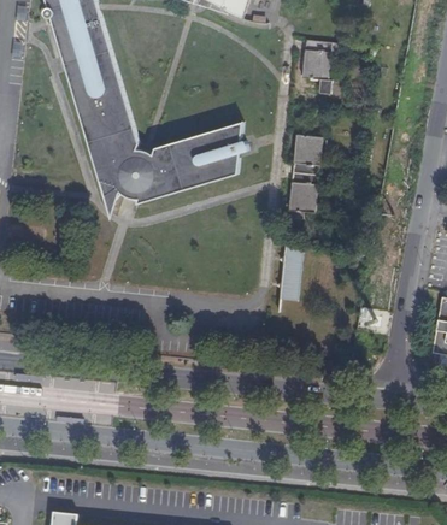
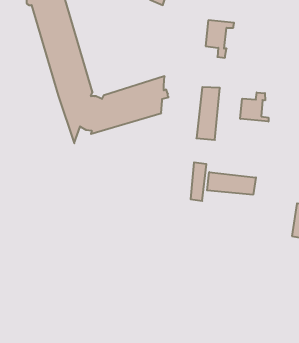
building: none -> [240,92,268,122]
building: none -> [207,172,256,195]

